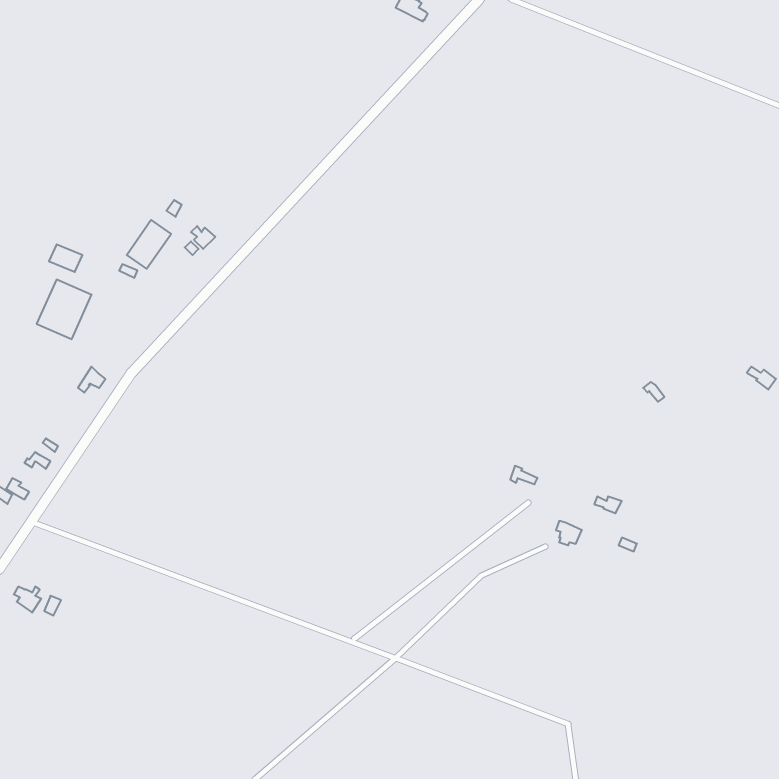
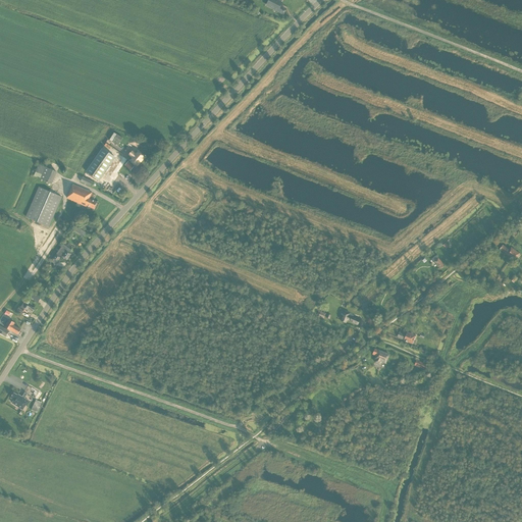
building: none -> [66,184,96,208]

